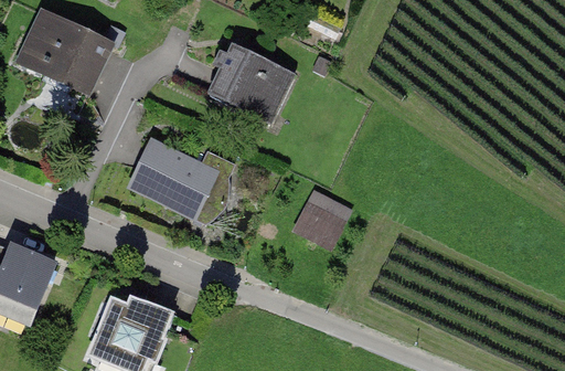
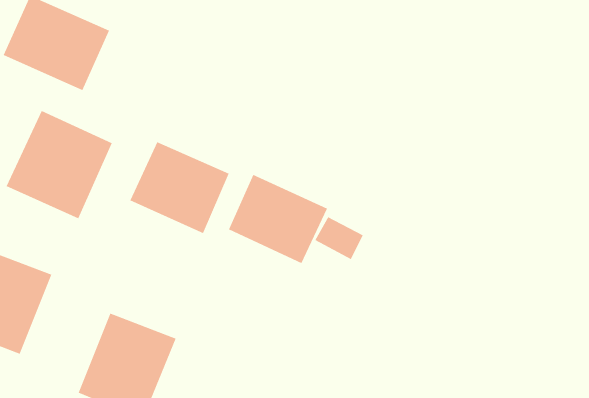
building: [206,41,296,121] -> [228,174,328,264]
building: none -> [6,110,112,219]

